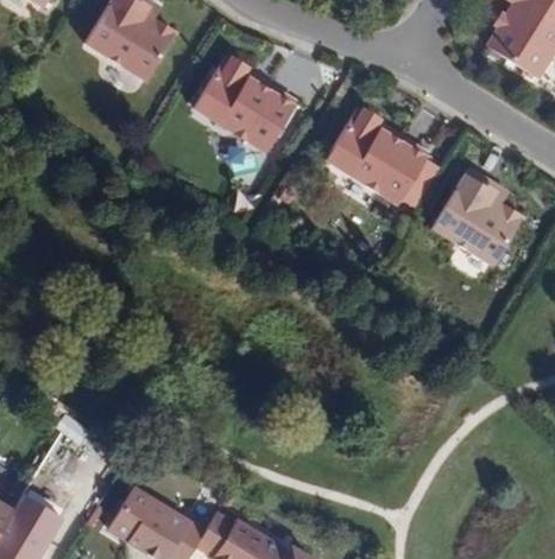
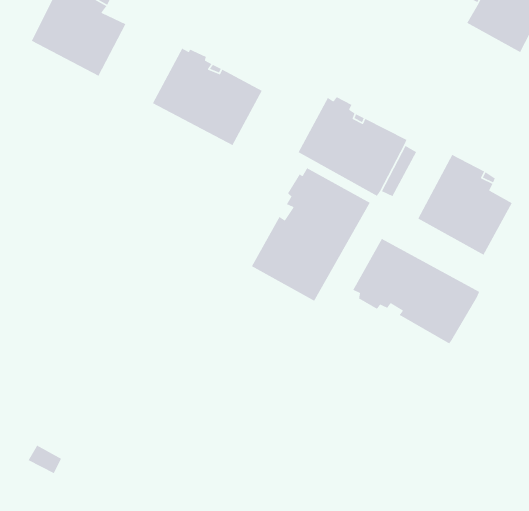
building: none -> [251,167,371,302]
building: none -> [352,238,480,344]

